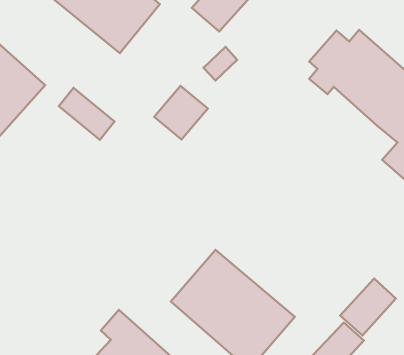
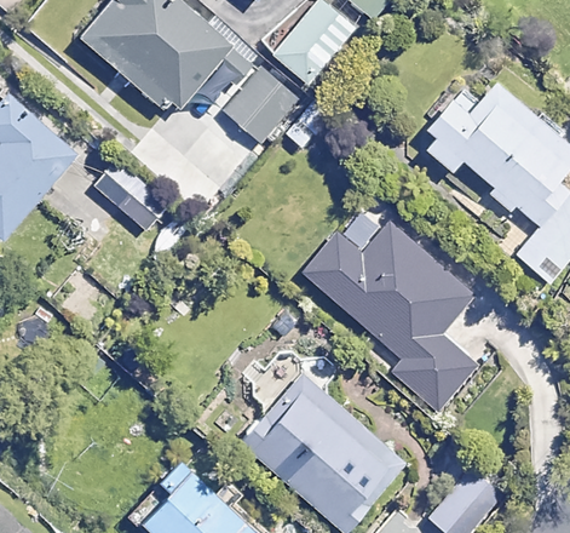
building: [154,86,208,139] -> [228,69,299,141]
building: none -> [304,227,479,412]
building: [340,278,396,335] -> none

